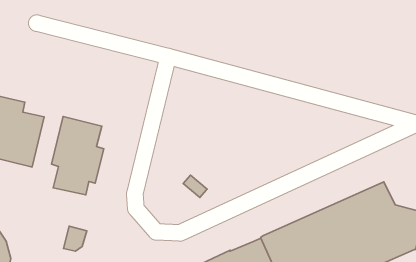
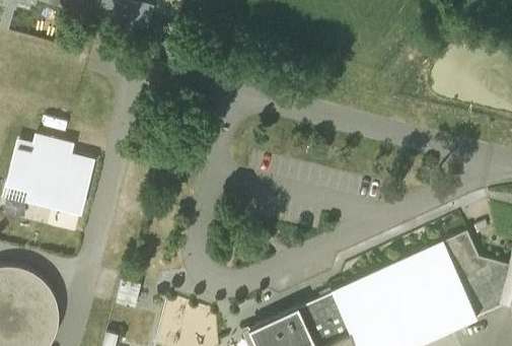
building: [51,117,104,195] -> none

